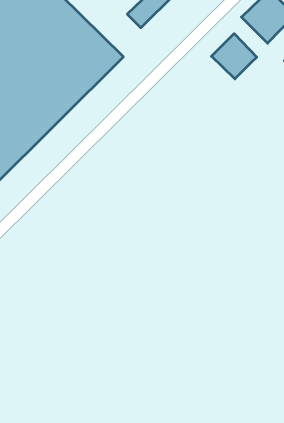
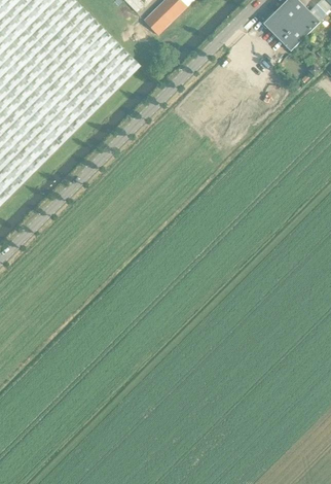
building: [211,34,257,79] -> none

